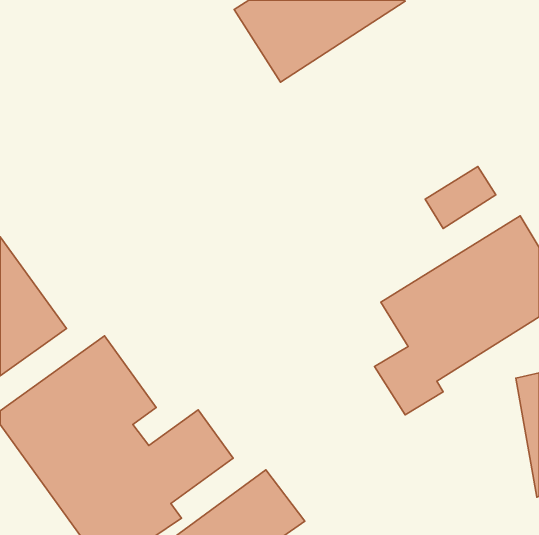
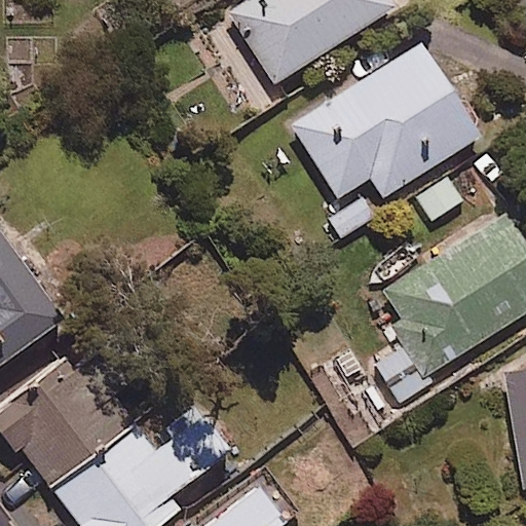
building: none -> [289,43,479,198]

